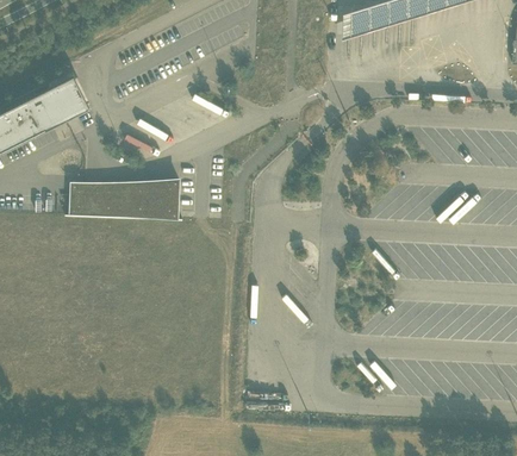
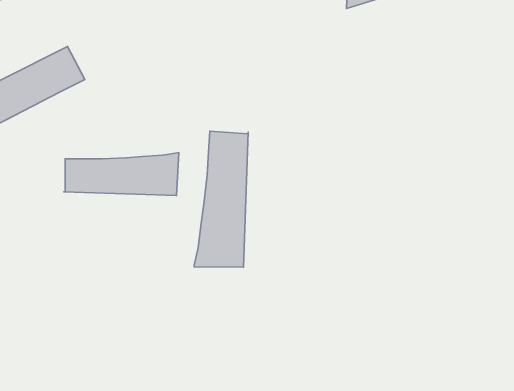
building: none -> [194,131,248,267]

